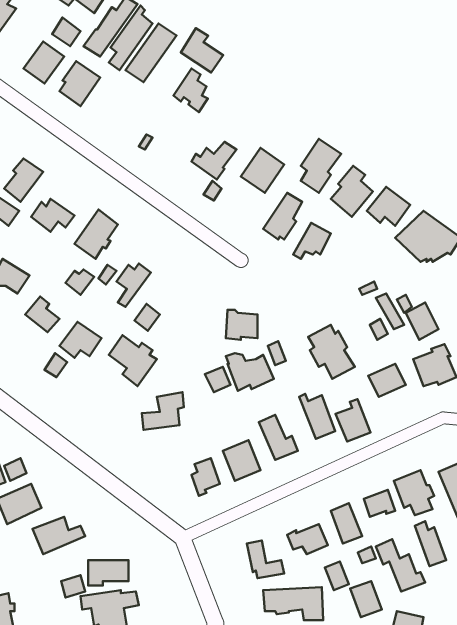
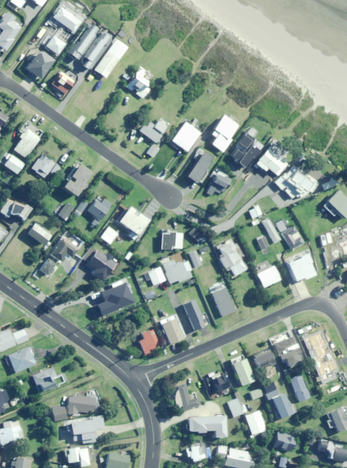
building: [181,28,223,73] -> none
building: none -> [119,207,148,239]
building: [335,399,370,442] -> none

